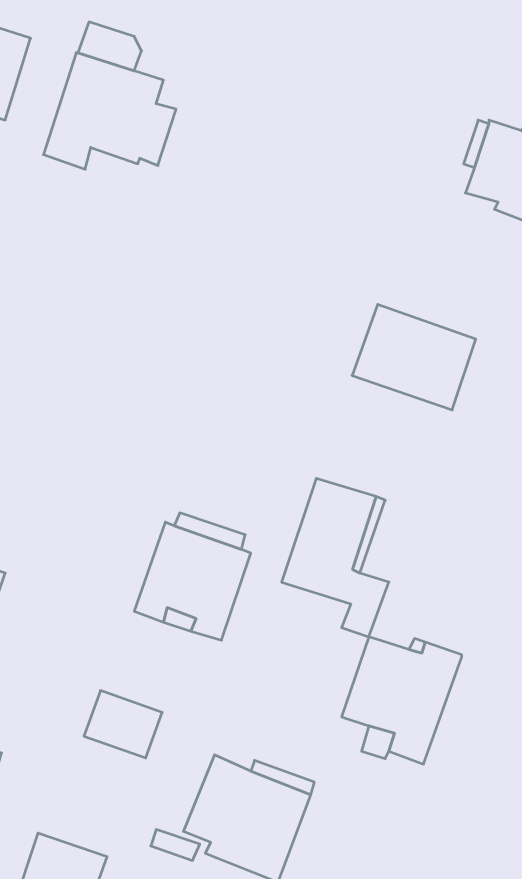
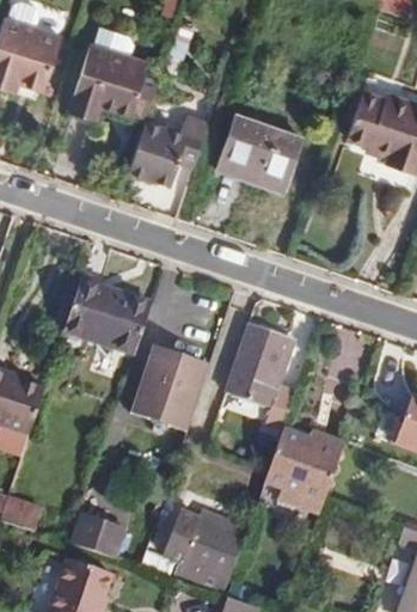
building: none -> [127,114,208,180]
building: [352,304,476,410] -> [217,116,299,185]
building: none -> [65,274,152,353]
building: [84,691,162,758] -> [69,513,121,557]

